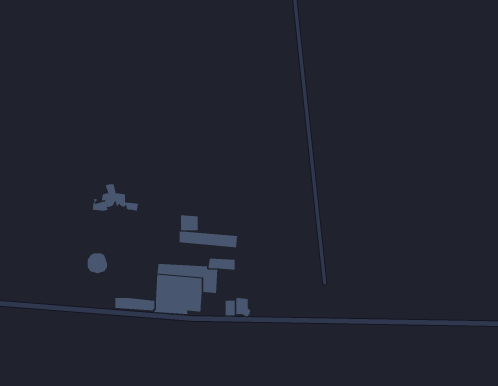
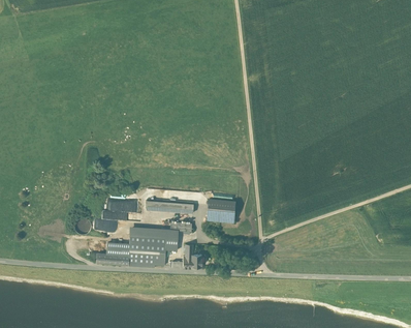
building: [92,184,139,211] -> [103,198,140,219]
building: none -> [208,199,235,222]

